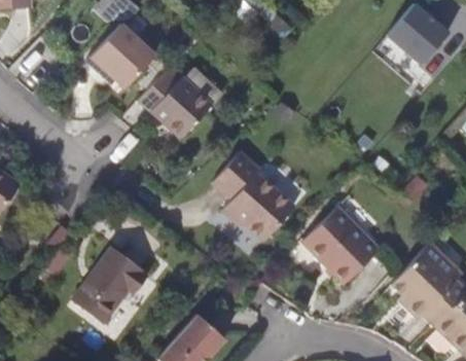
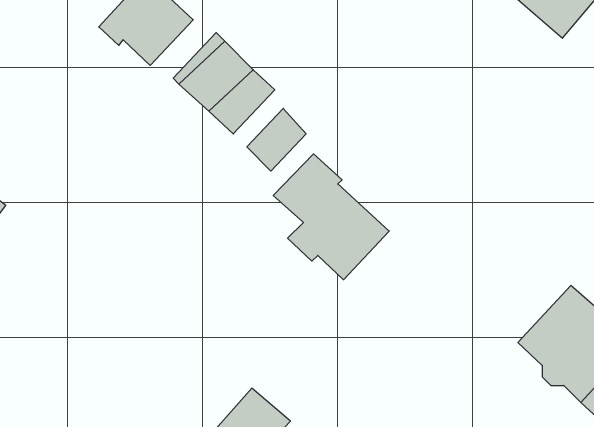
building: none -> [247,108,306,171]
building: [296,208,373,284] -> none
building: [73,248,148,326] -> none

